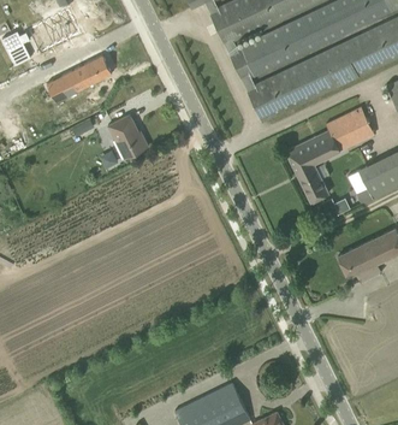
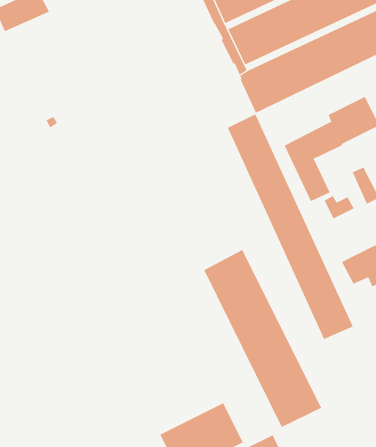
building: [49,55,112,100] -> none
building: [107,114,148,160] -> none
building: none -> [227,113,353,340]
building: none -> [203,249,322,428]

